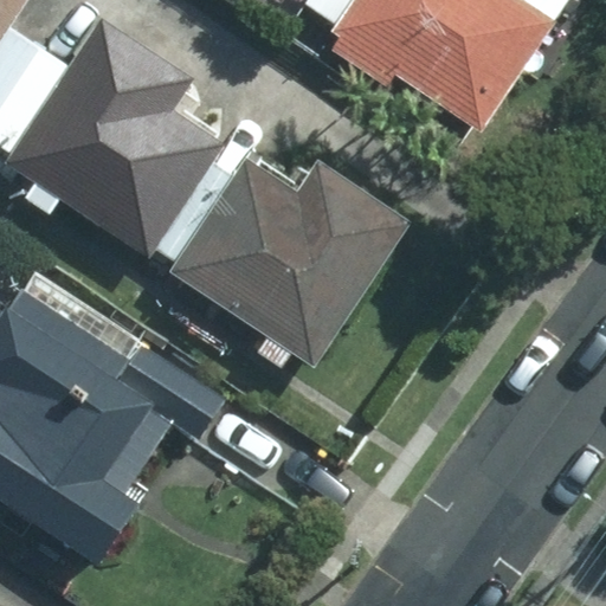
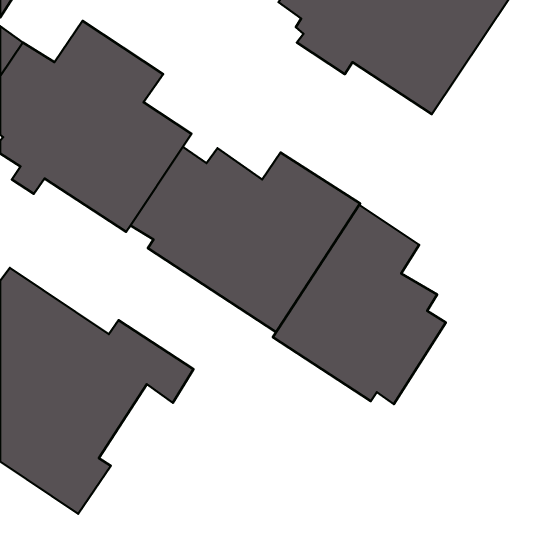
building: none -> [273,205,446,404]

